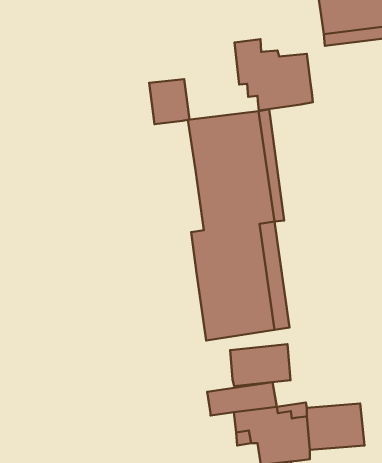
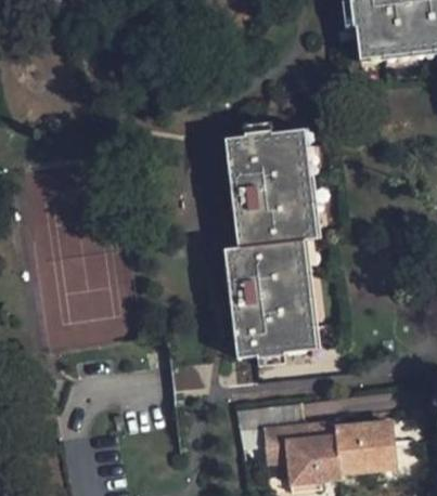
building: [235,39,313,111] -> none
building: [149,79,190,124] -> none
building: [230,344,290,386] -> none

